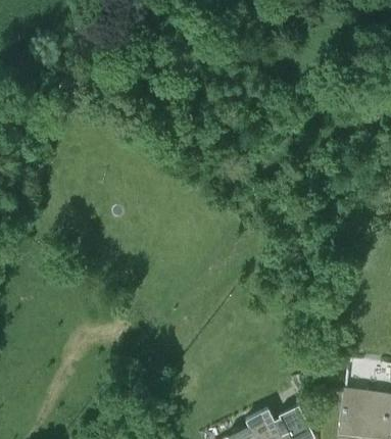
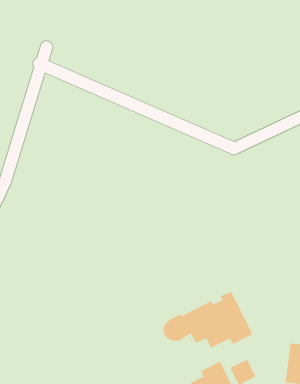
building: none -> [163,291,253,348]

